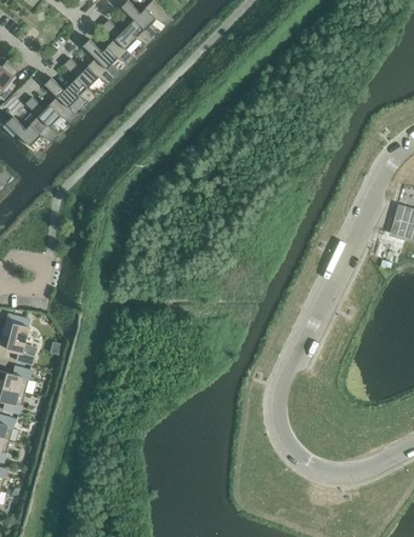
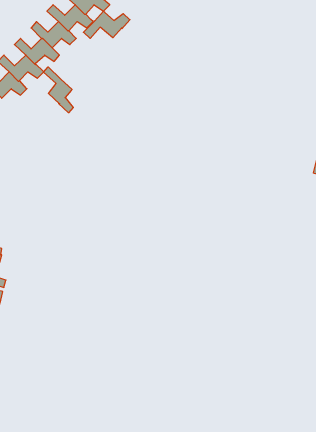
building: none -> [83,11,130,38]
building: none -> [44,67,73,113]

